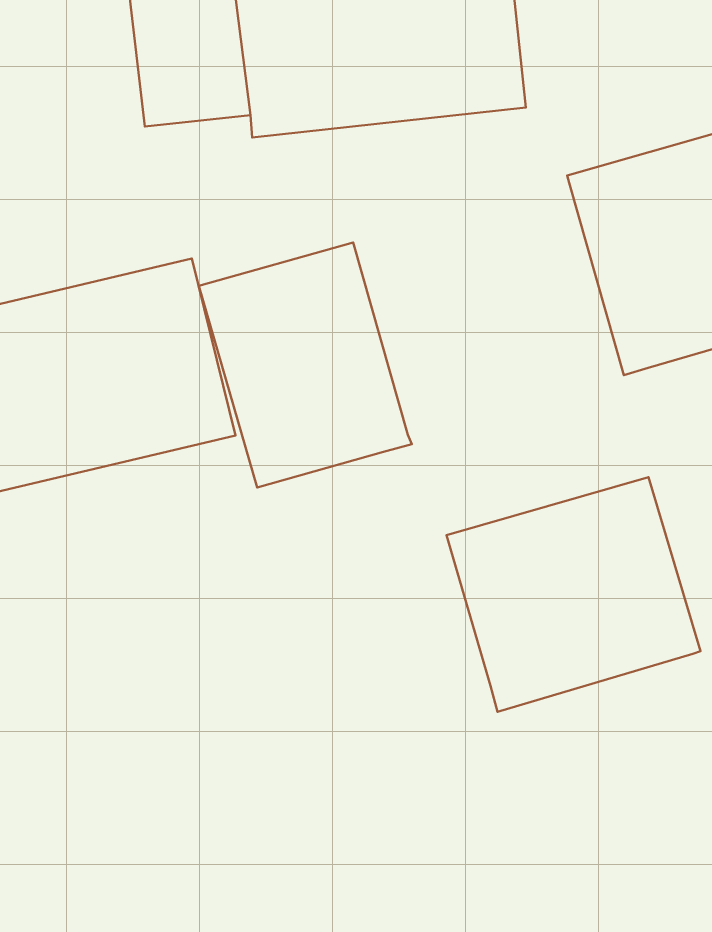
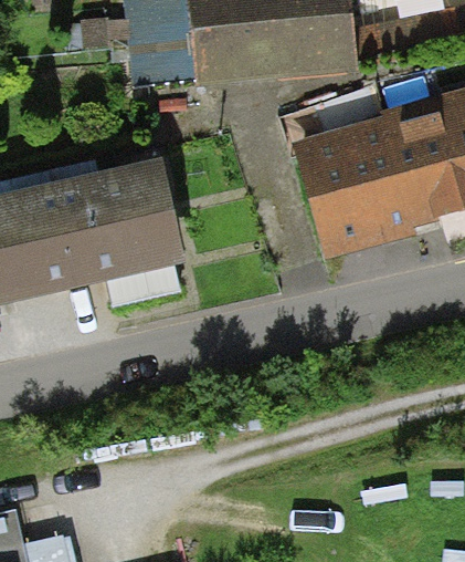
building: [199,243,412,488] -> [290,112,415,256]
building: [446,477,700,712] -> none

